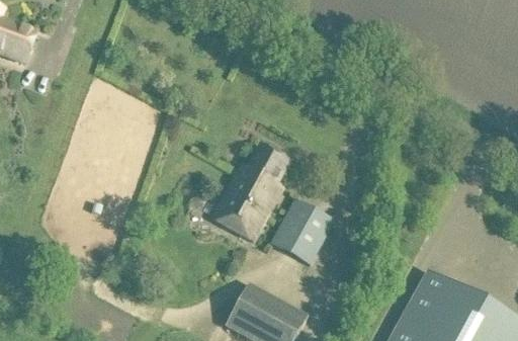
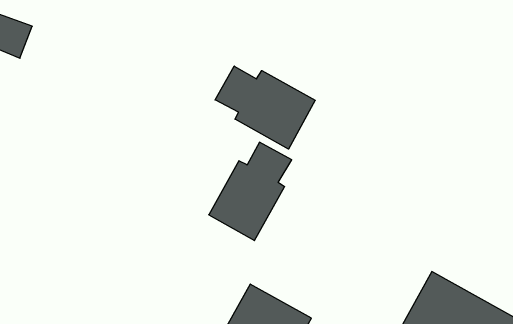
building: none -> [215,66,315,149]
building: [272,199,336,265] -> none

